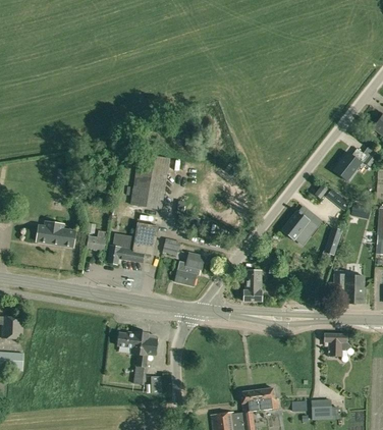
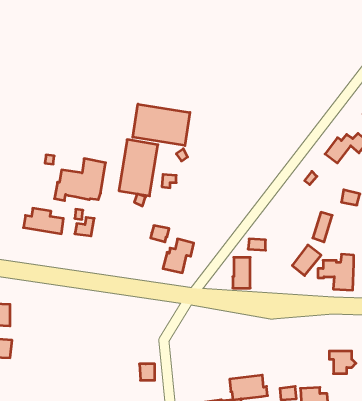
building: none -> [133,104,190,146]
building: [280,212,309,243] -> [292,245,321,276]
building: [107,222,158,264] -> [54,159,106,201]
building: [116,331,157,384] -> none
building: [324,333,350,356] -> [329,351,356,374]

